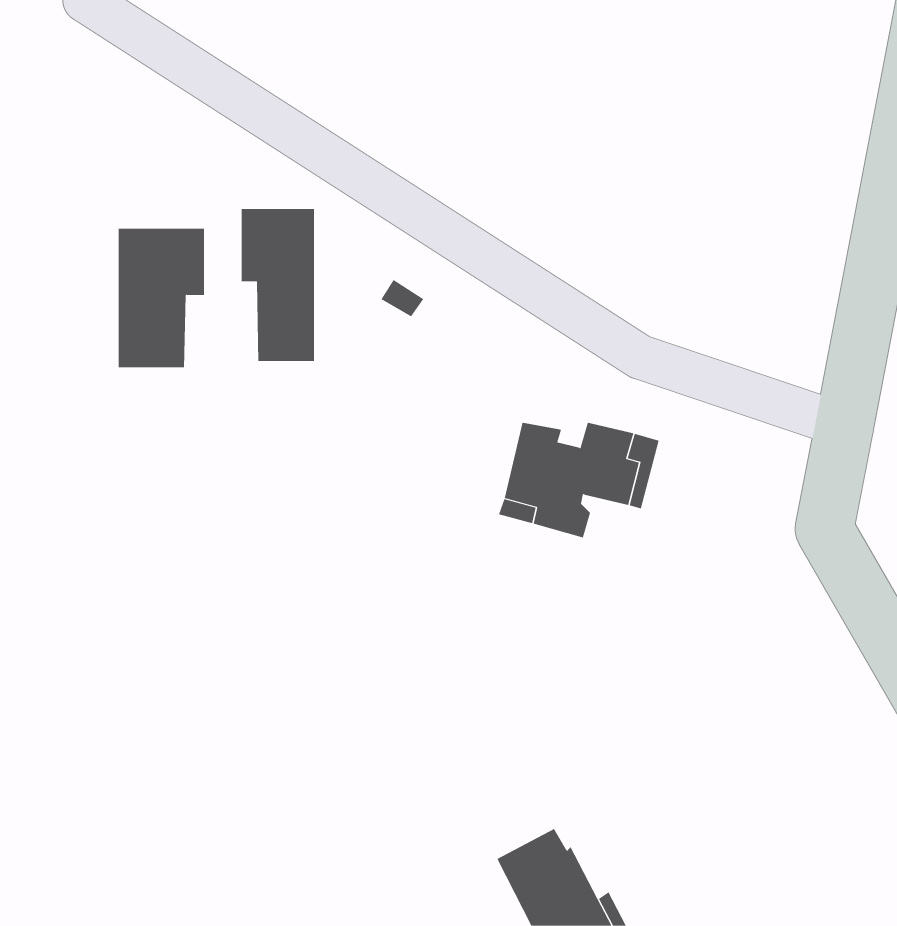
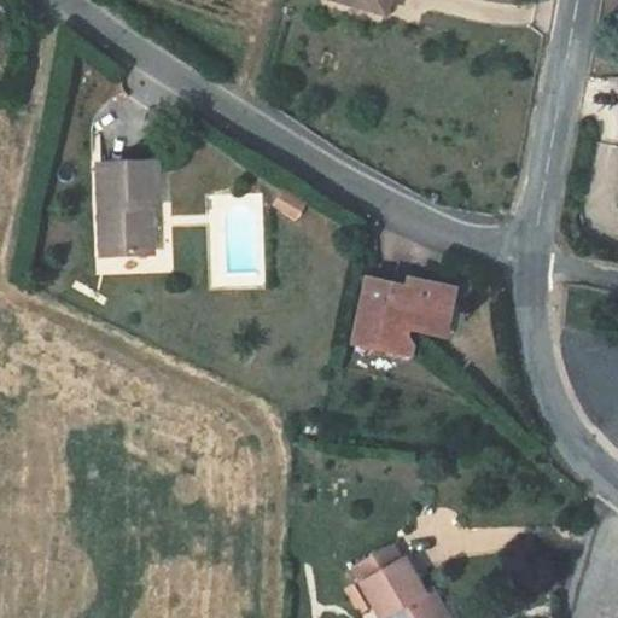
building: [241,208,315,362] -> none

